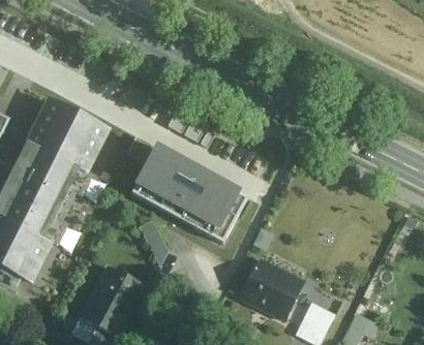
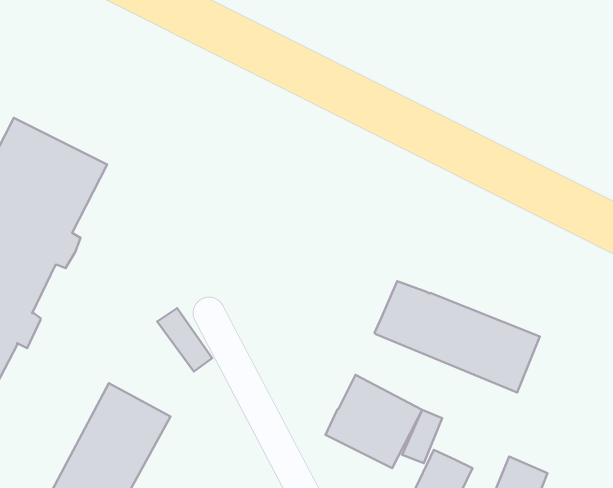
building: [131,144,246,241] -> none
building: none -> [374,281,540,392]

